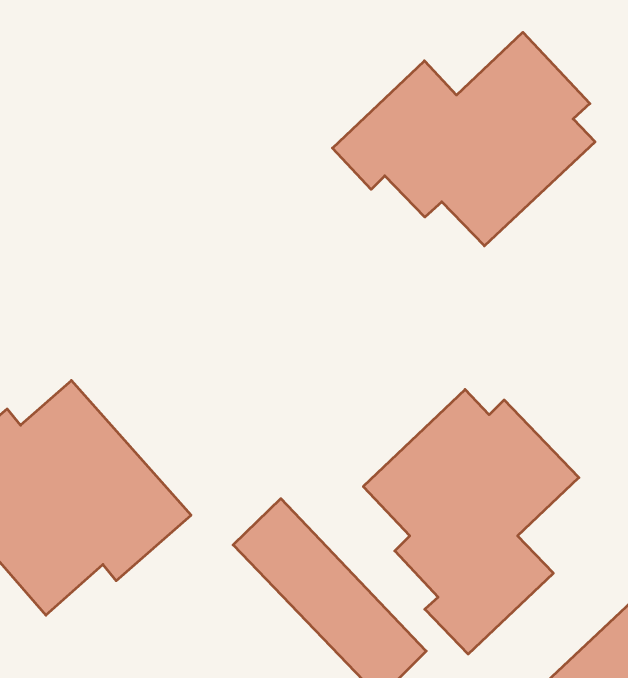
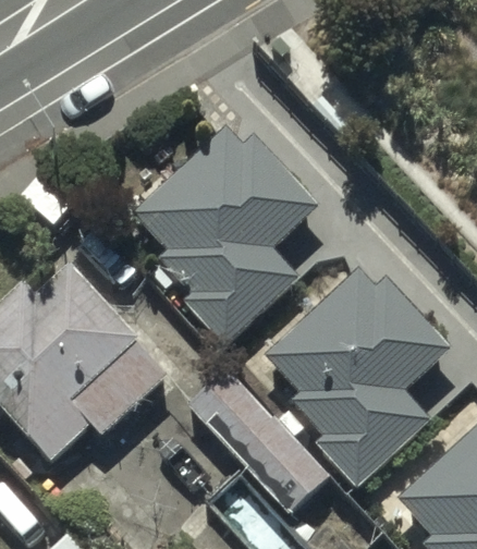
building: [332,32,595,246] -> none
building: none -> [151,145,309,338]

